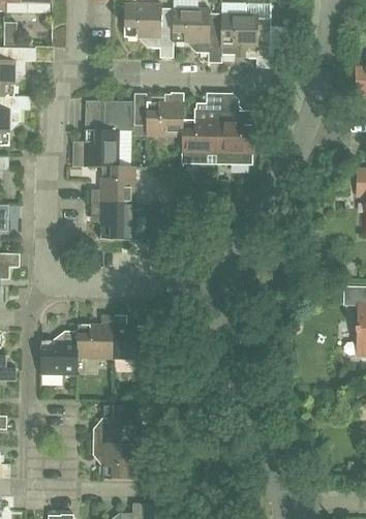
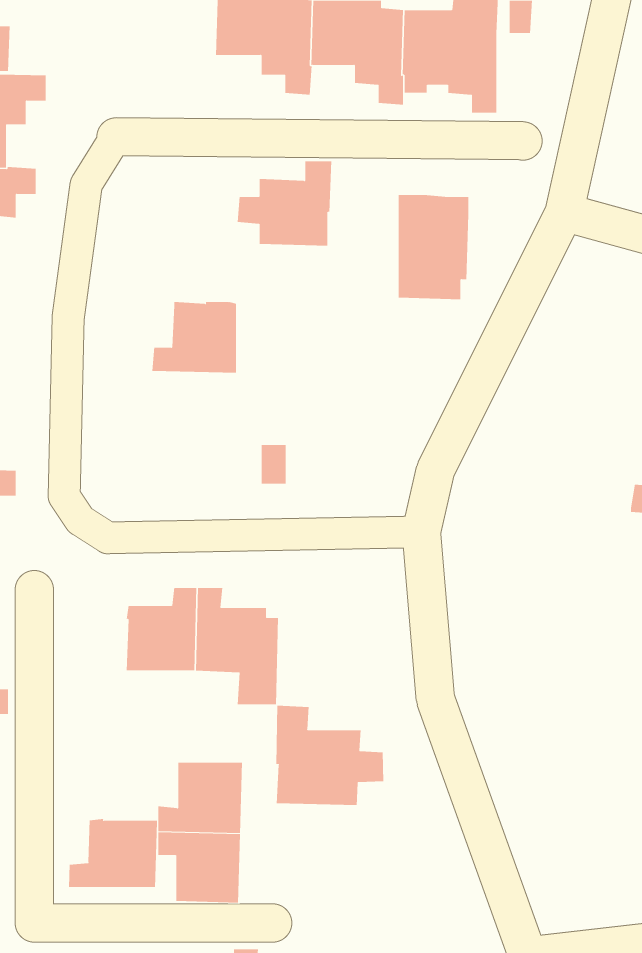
building: [72,99,133,166] -> none
building: [180,101,217,162] -> none
building: [89,201,133,238] -> none
building: [39,329,77,373] -> none
building: none -> [276,705,384,806]
building: none -> [69,818,158,888]

